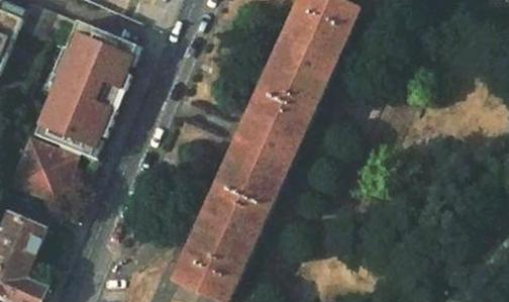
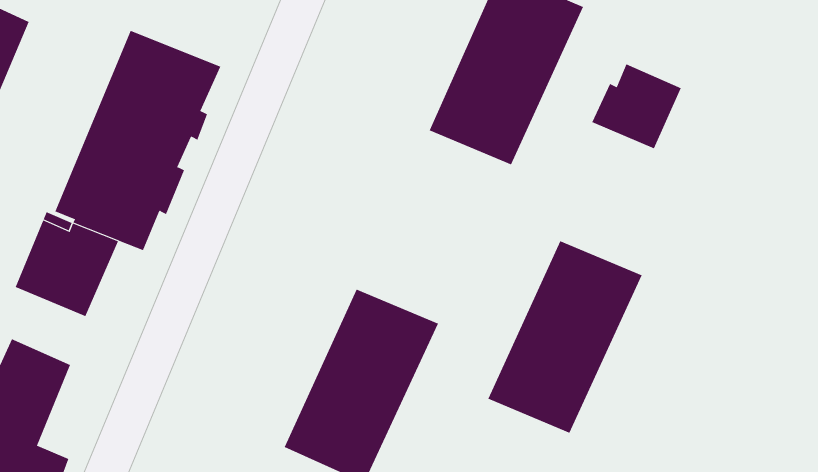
building: none -> [592,63,681,149]
building: [219,84,314,202] -> [487,240,642,433]

